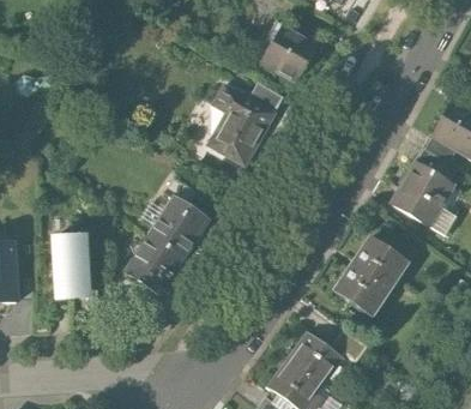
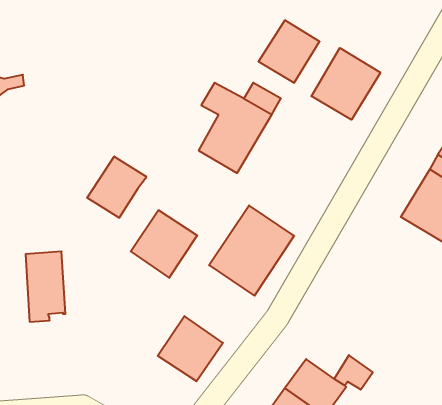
building: none -> [311,48,380,120]
building: none -> [87,156,146,218]
building: [332,234,409,315] -> [209,205,294,296]
building: [123,235,182,294] -> [158,316,223,381]

